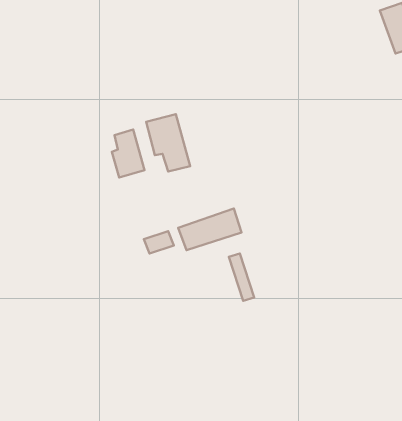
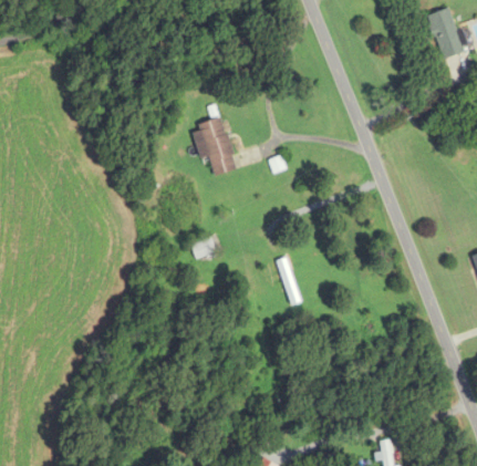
building: [112,130,144,178] -> none
building: [178,209,242,250] -> none

